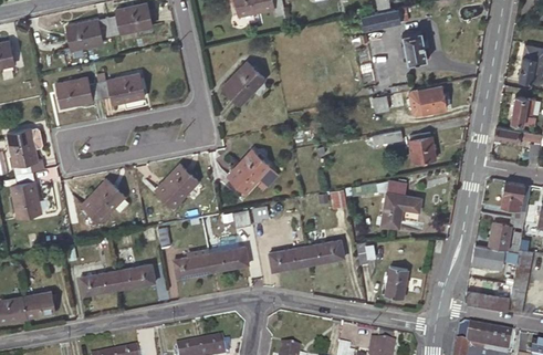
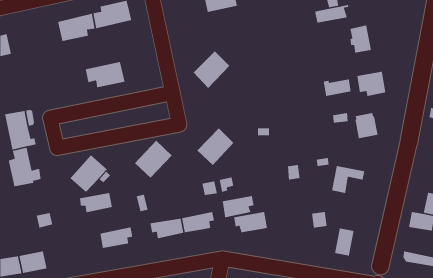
building: [55,75,102,105] -> none
building: [305,238,343,264] -> [222,195,254,218]
building: [80,270,118,294] -> [79,192,113,213]

